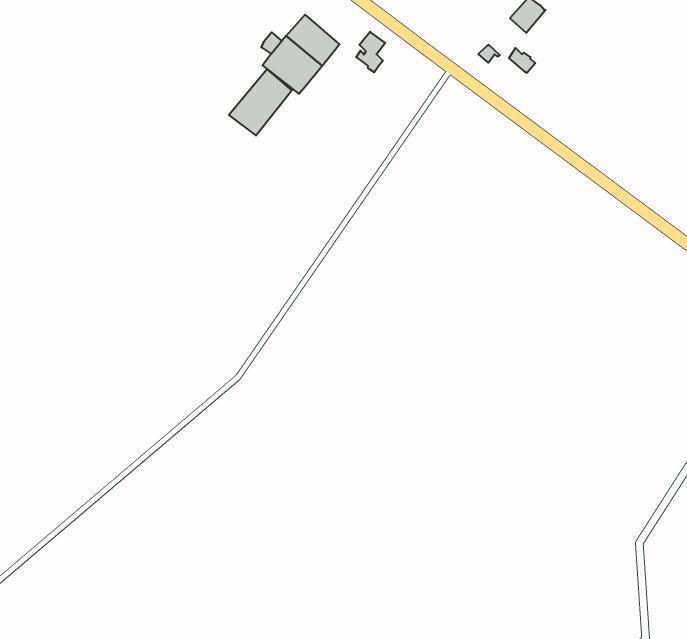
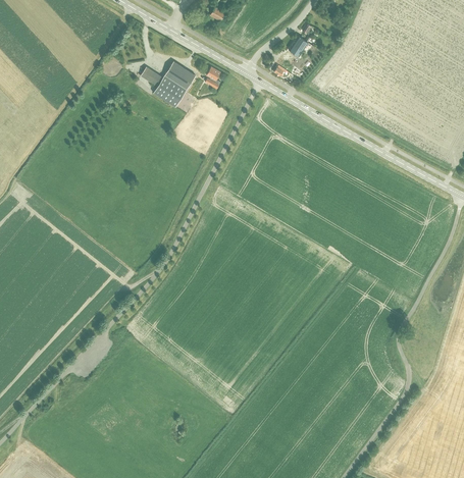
building: [229,69,292,136] -> none

